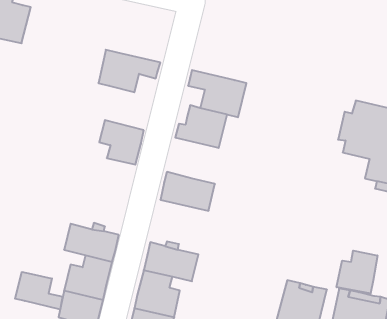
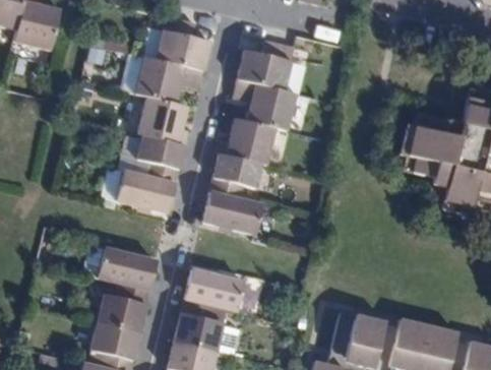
building: none -> [156,16,210,71]
building: none -> [238,40,295,90]
building: none -> [138,97,189,145]
building: none -> [210,153,263,198]
building: none -> [116,171,176,212]
building: [337,251,377,294] -> none
building: [15,272,63,309] -> none

